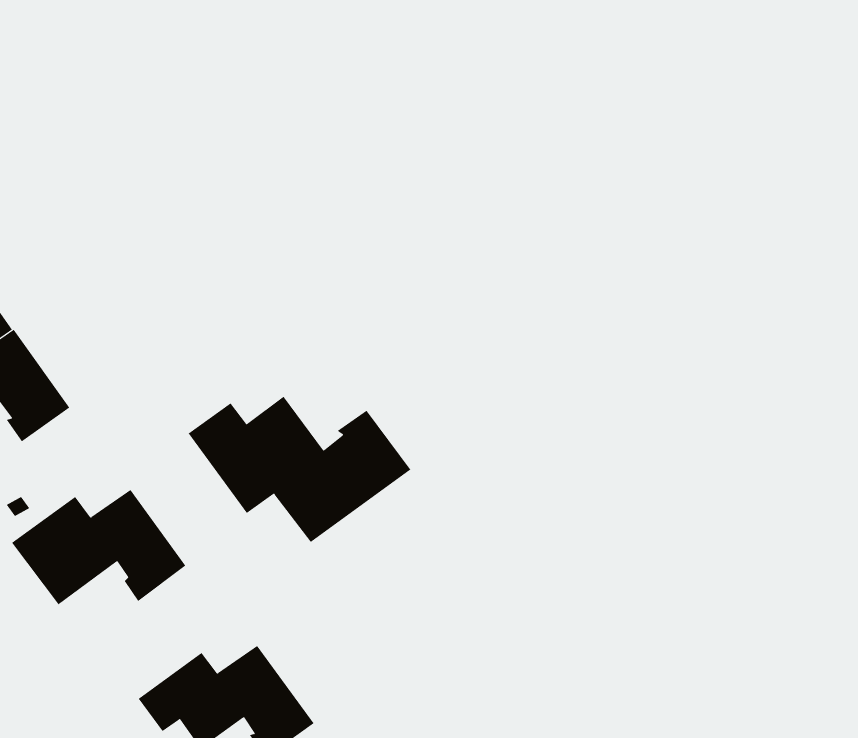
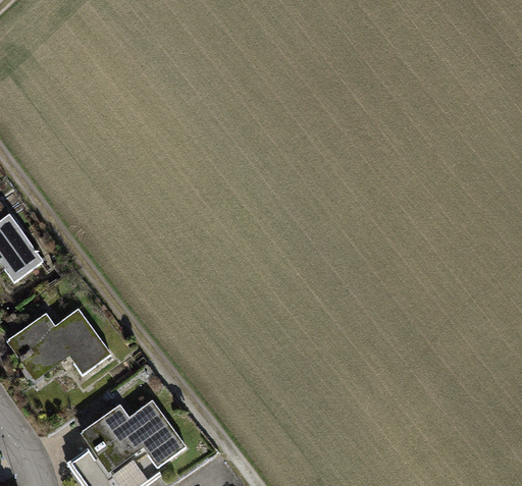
building: [188,396,411,543] -> none

